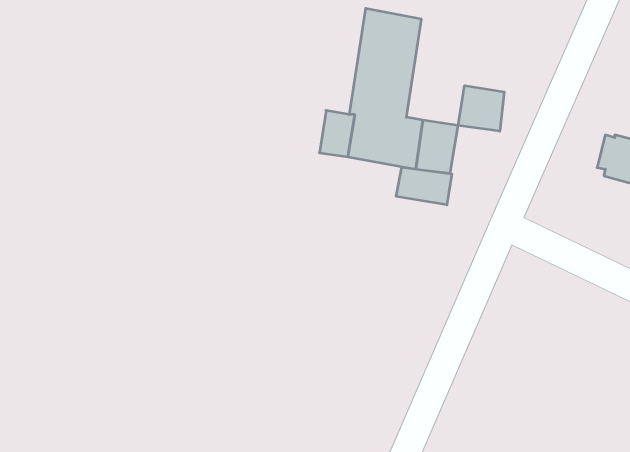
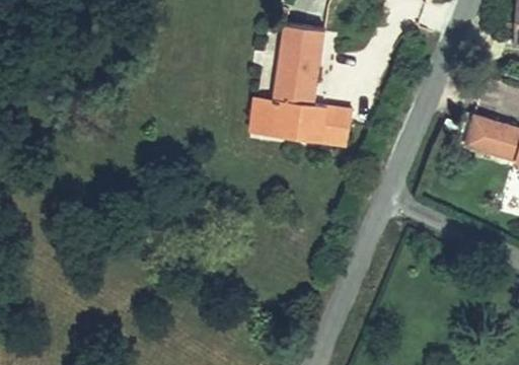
building: [458,86,504,131] -> none
building: [396,167,452,205] -> none

